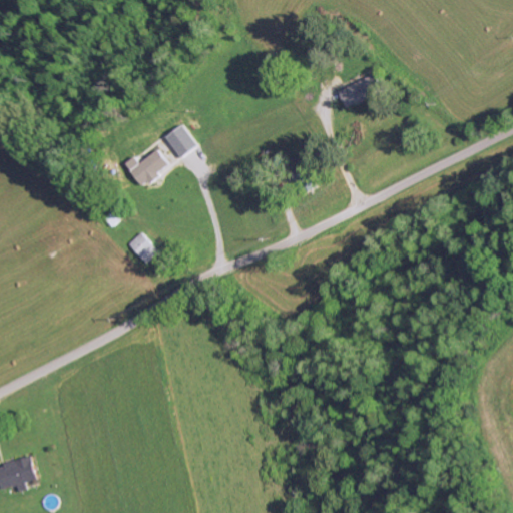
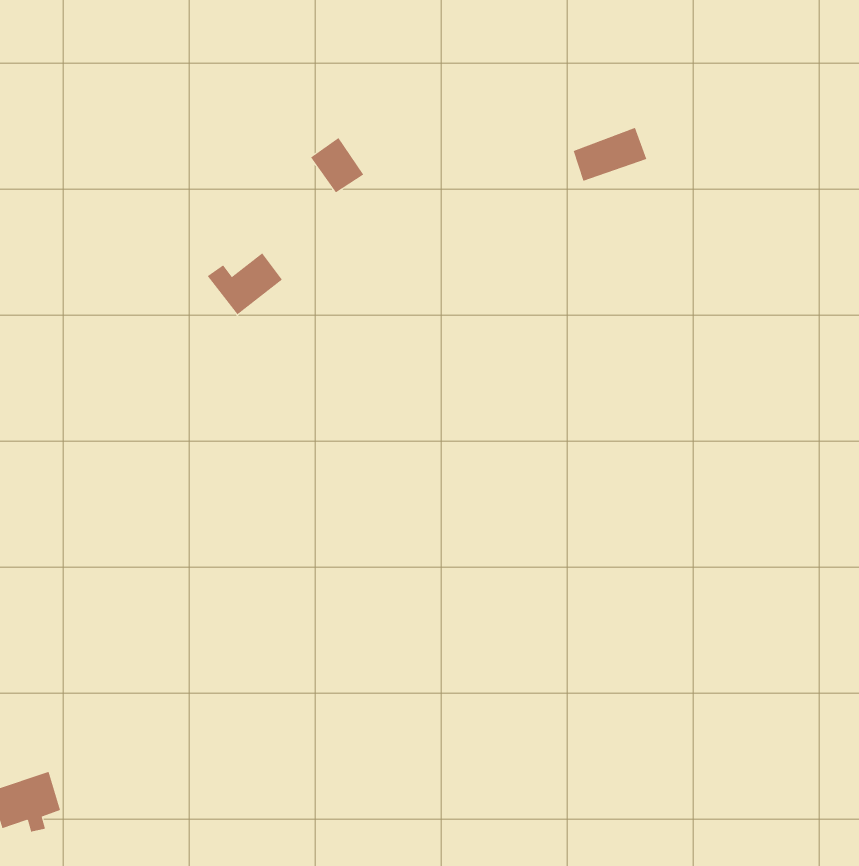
building: [163,124,195,157] -> [310,137,364,193]
building: [127,232,157,264] -> none

